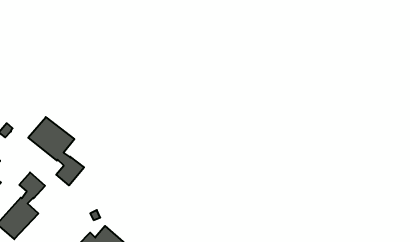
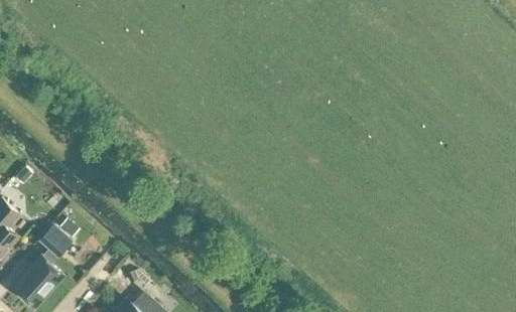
building: [28,117,84,185] -> none

